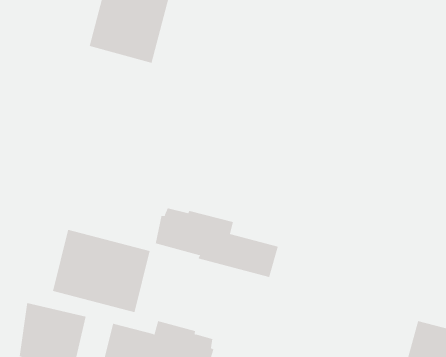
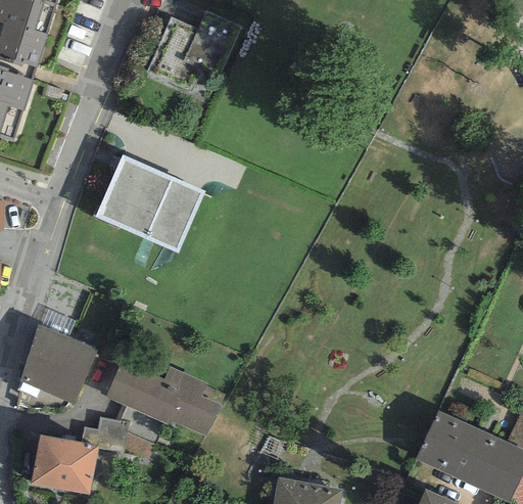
building: [155,208,278,278] -> none
building: [52,229,150,313] -> [96,155,204,254]

